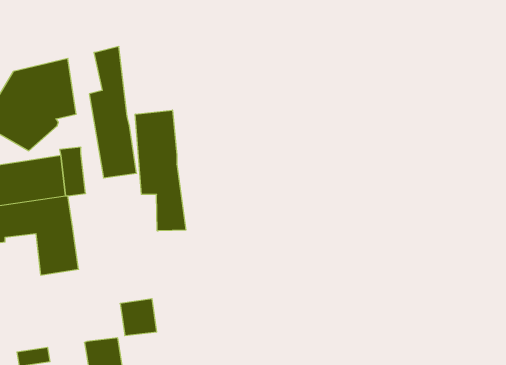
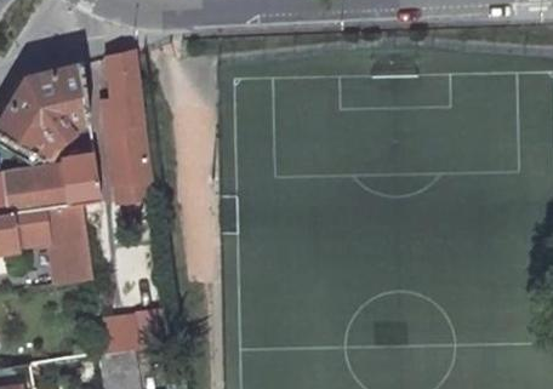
building: [135,110,186,231] -> none

